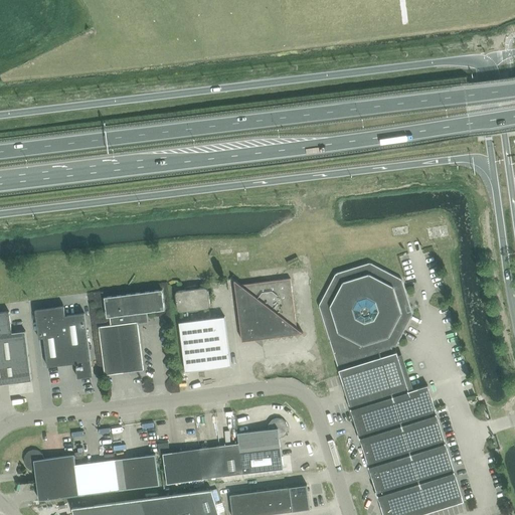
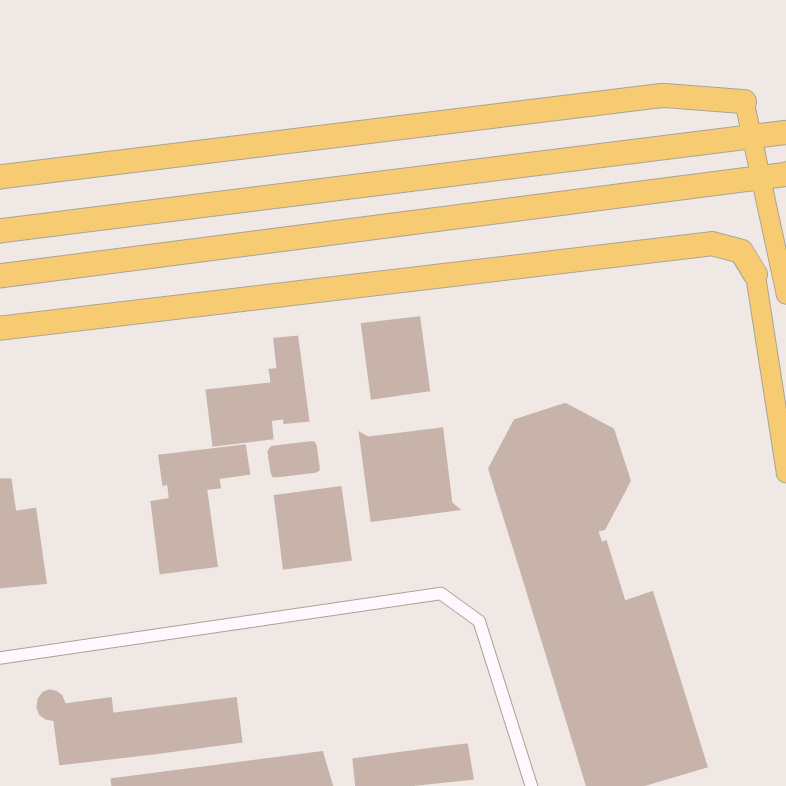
building: none -> [360,315,431,401]
building: none -> [205,335,310,448]
building: [36,309,92,379] -> none
building: [157,419,287,485] -> none

